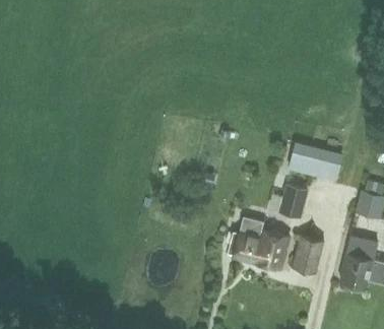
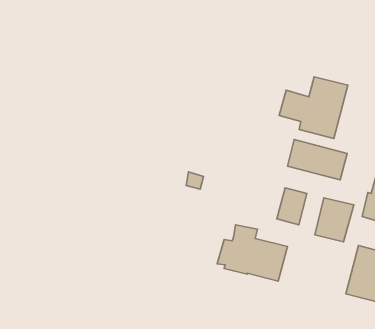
building: none -> [279,77,348,139]
building: [290,236,324,274] -> [315,198,354,242]

